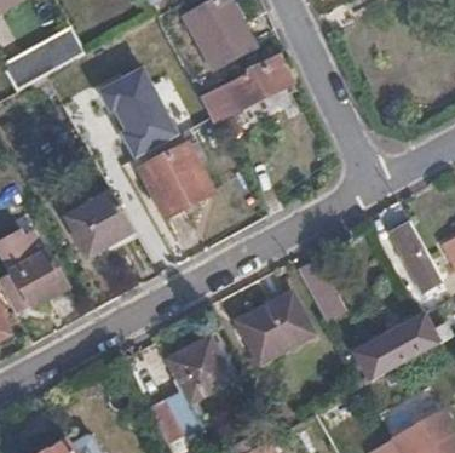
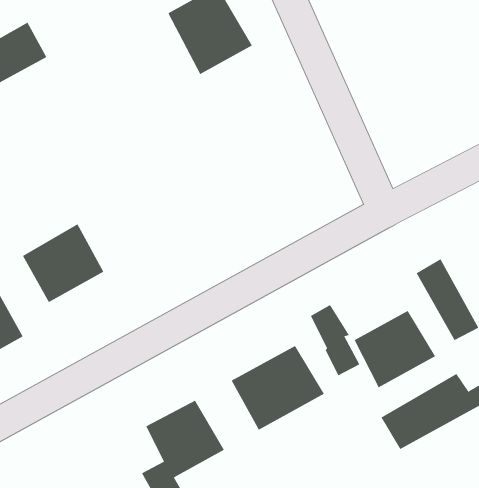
building: [207,53,292,120] -> none
building: [98,64,180,156] -> none
building: [140,144,211,213] -> none
building: none -> [354,310,436,388]

